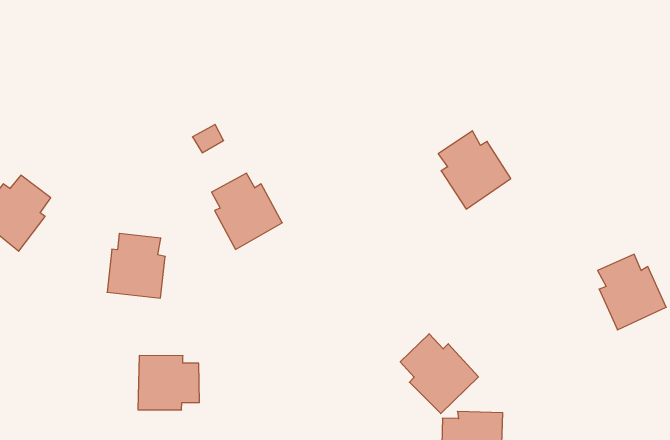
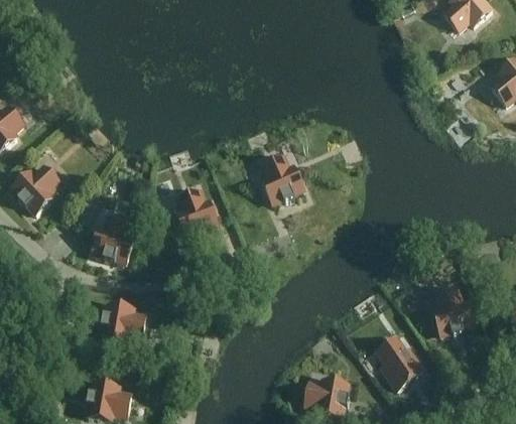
building: [438,131,511,209] -> [259,153,306,206]
building: [400,334,478,414] -> [374,334,426,391]

